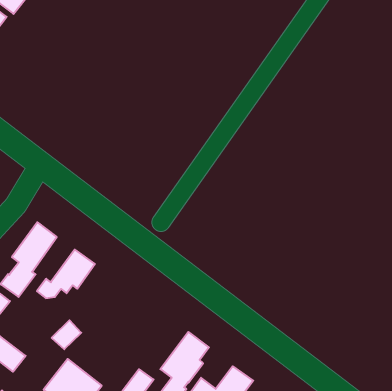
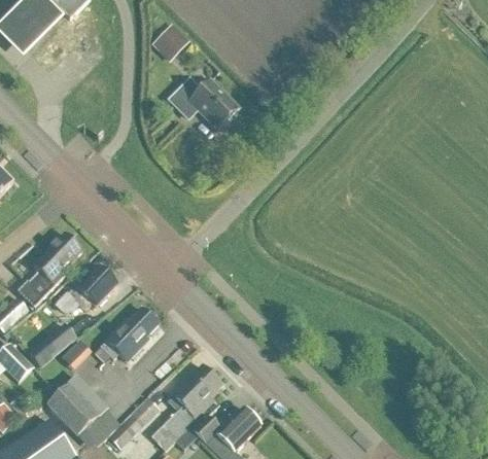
building: none -> [150,23,188,61]
building: none -> [170,80,237,128]
building: none -> [95,307,158,361]
building: none -> [27,321,76,367]

